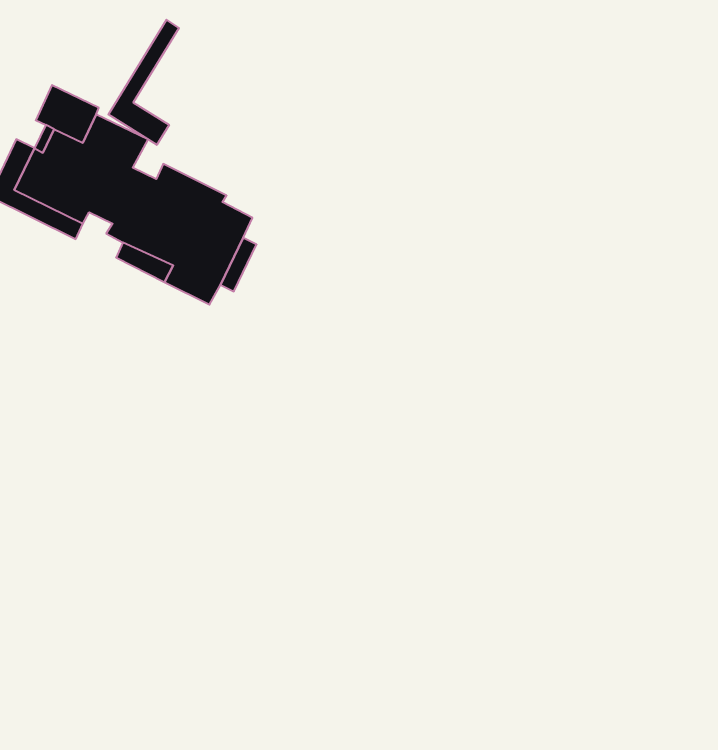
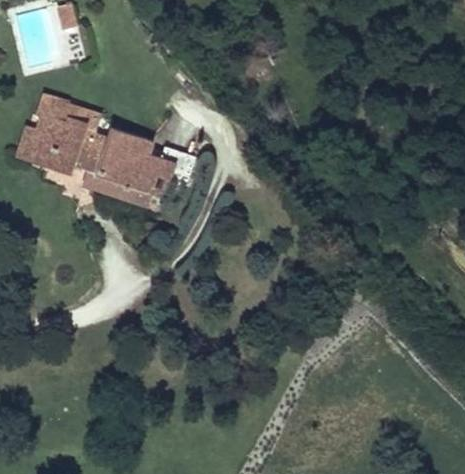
building: [108,20,179,145] -> none

